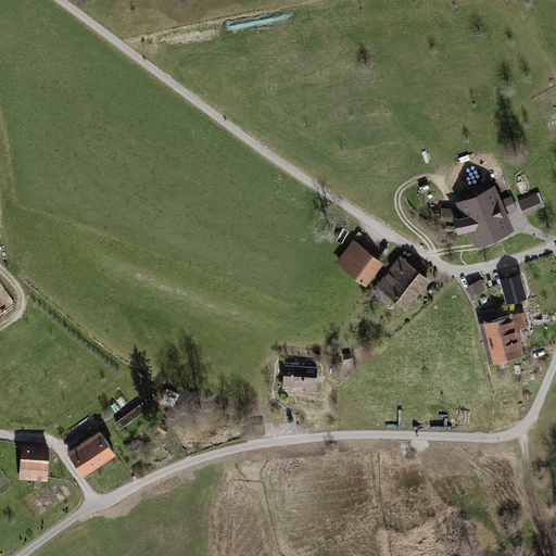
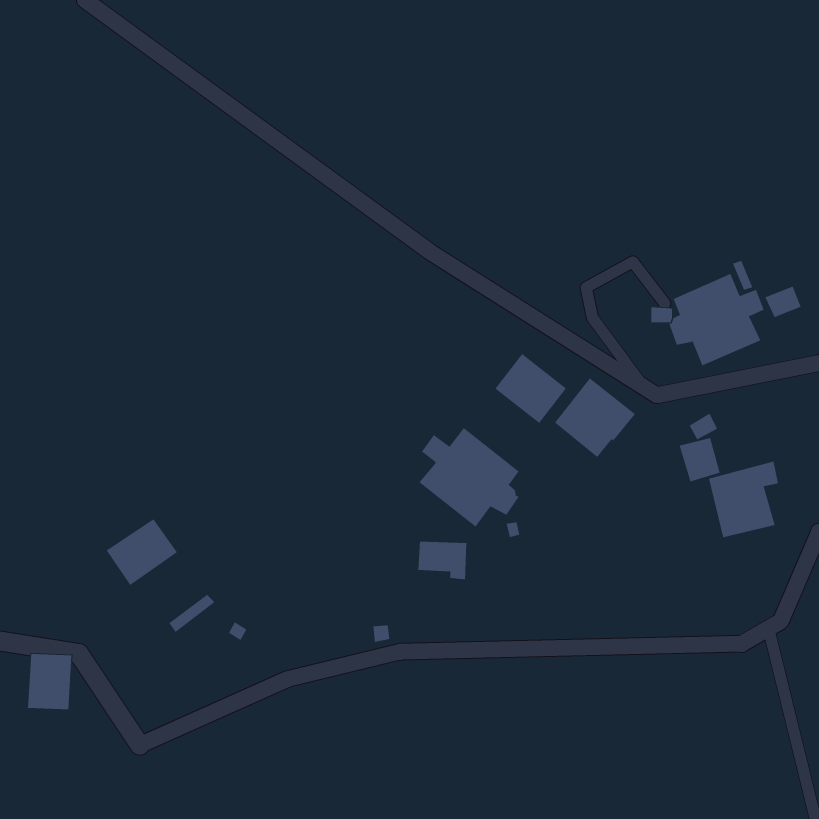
building: [498,275,527,305] -> [679,437,720,482]
building: none -> [418,427,520,527]
building: [65,429,114,475] -> [106,519,178,586]

